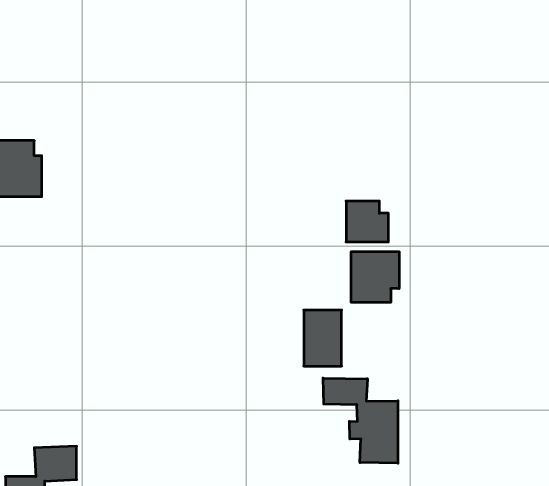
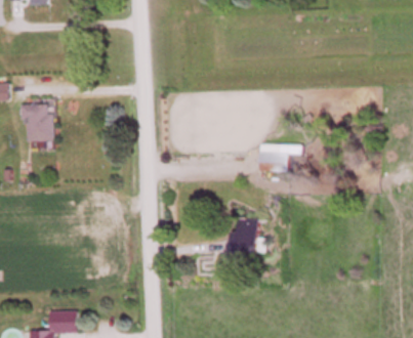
building: [351,252,399,302] -> none
building: [323,378,398,463] -> none

